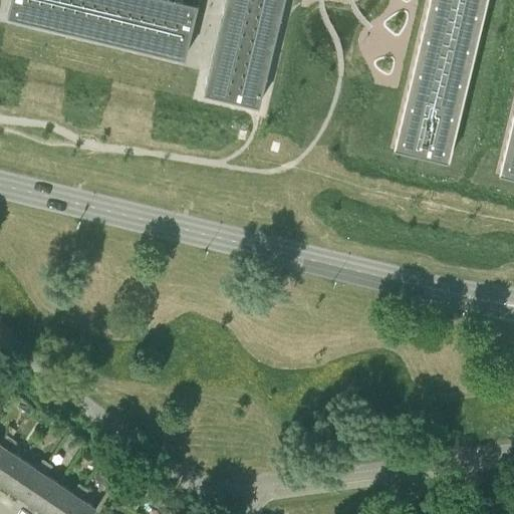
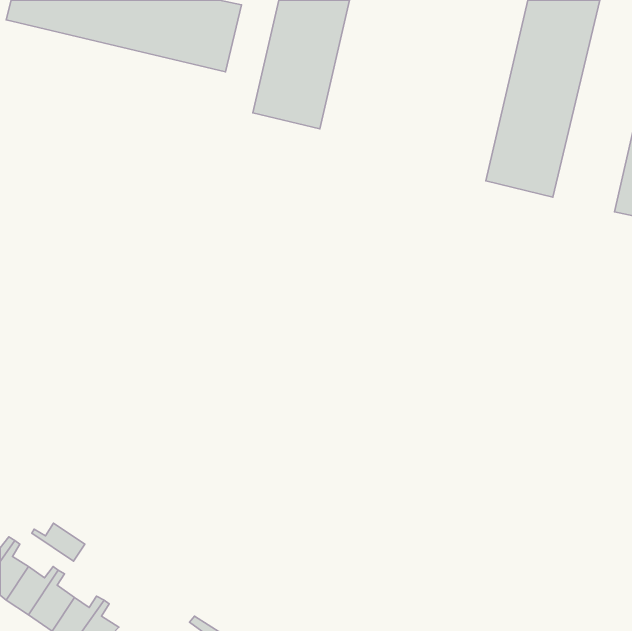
building: none -> [32,523,85,561]

